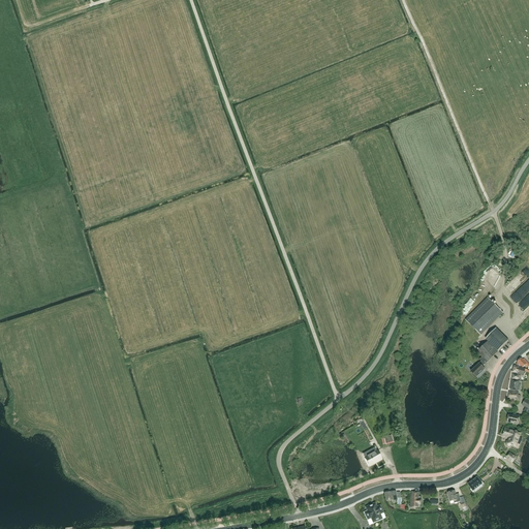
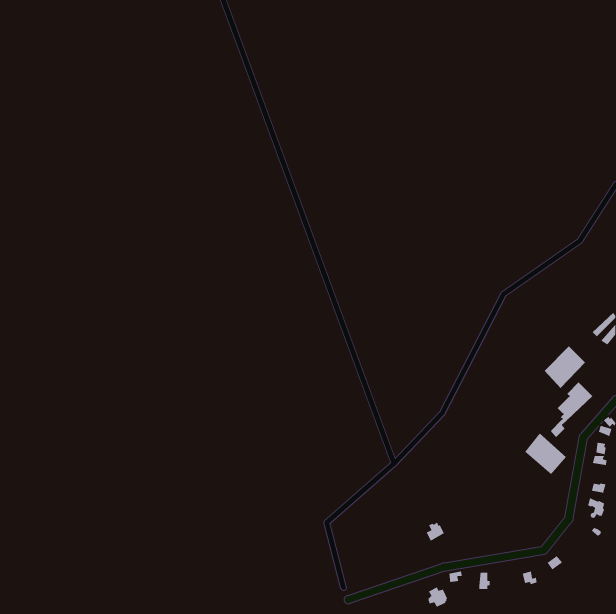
building: none -> [524,433,567,475]

